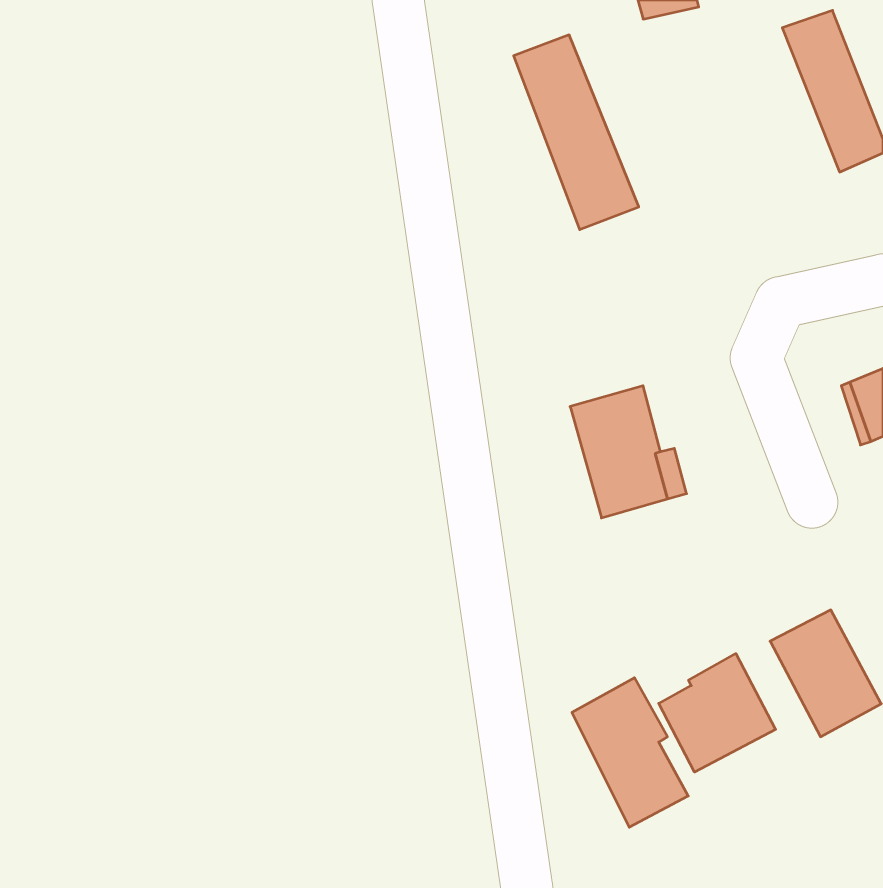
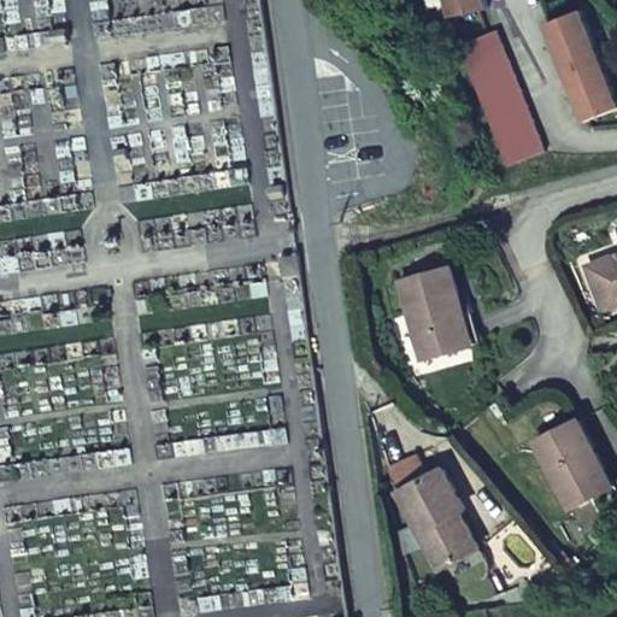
building: [514,35,639,230] -> [453,28,540,163]
building: [659,654,776,772] -> none

